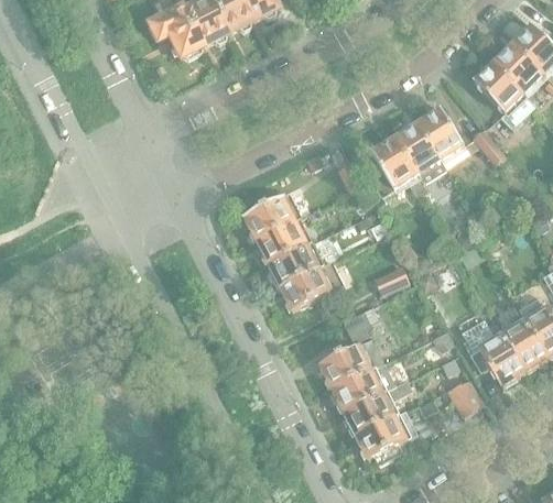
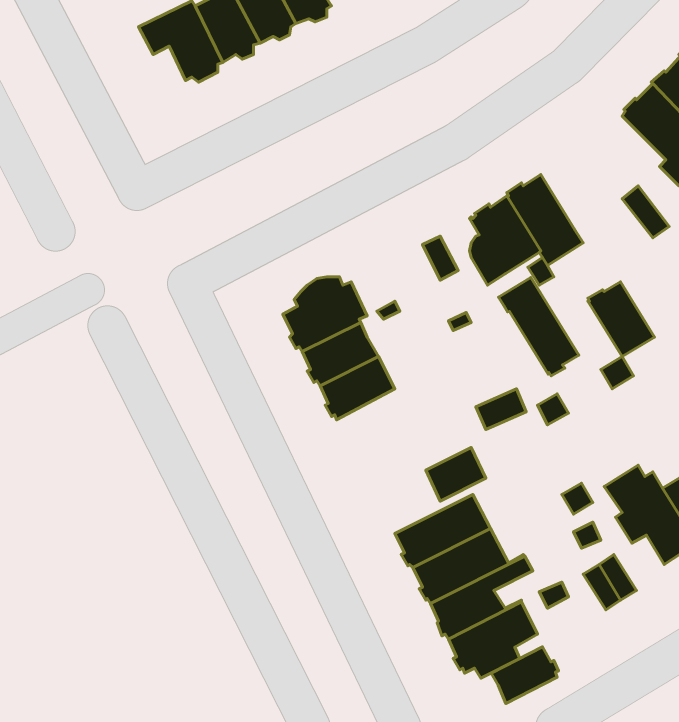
building: [419,108,464,158] -> [588,282,655,356]
building: none -> [498,278,579,376]
building: [280,261,344,310] -> none
building: none -> [491,647,558,703]

